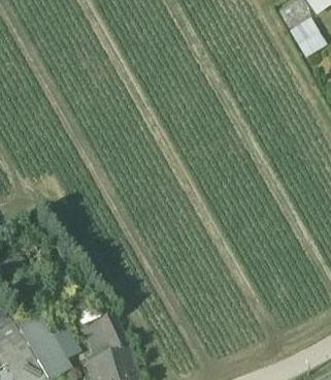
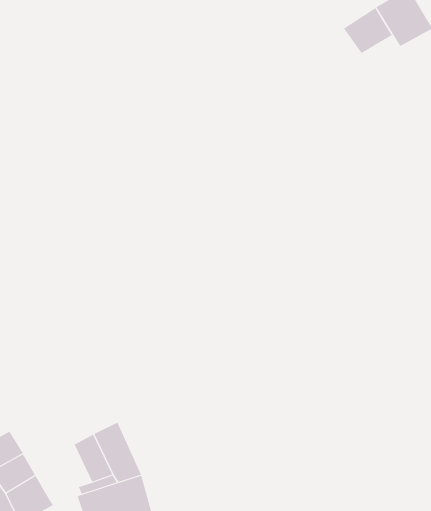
building: none -> [343,7,392,54]
building: [48,321,82,360] -> none

